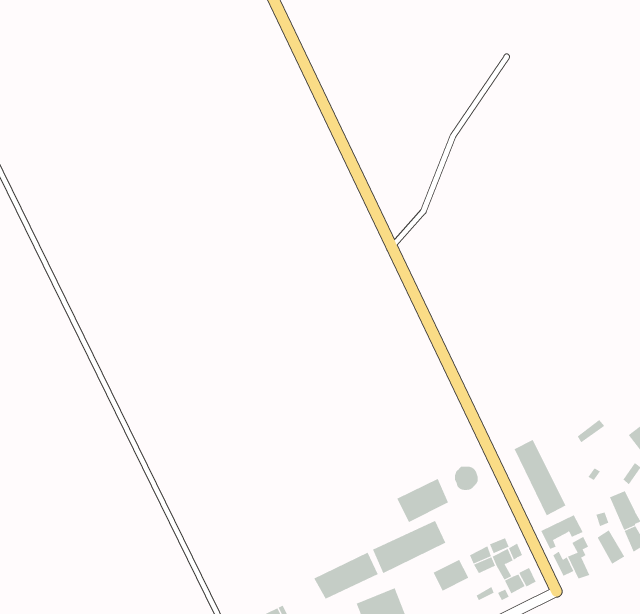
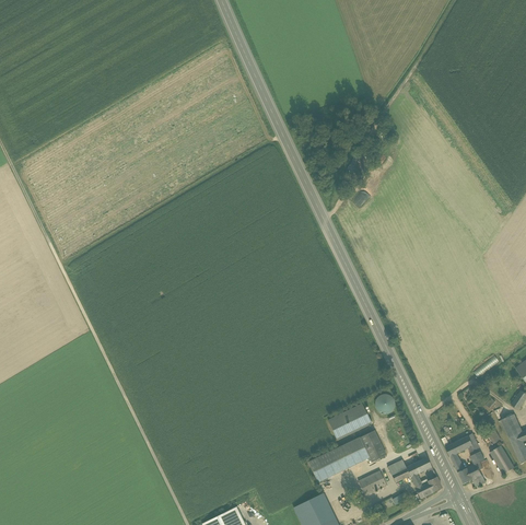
building: [514,439,566,516] -> none
building: none -> [359,430,385,462]
building: [314,552,378,599] -> none

